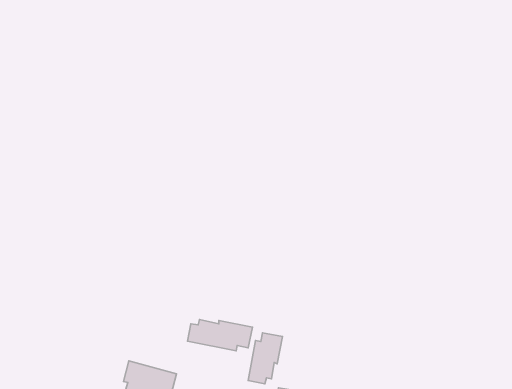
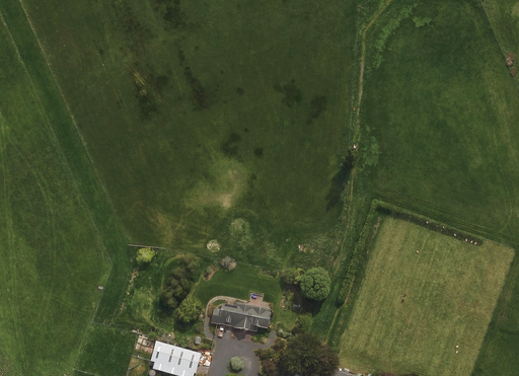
building: [248,333,282,384] -> none

